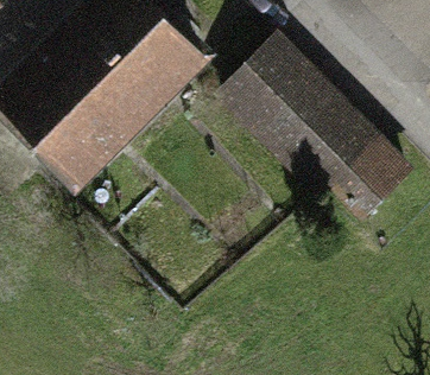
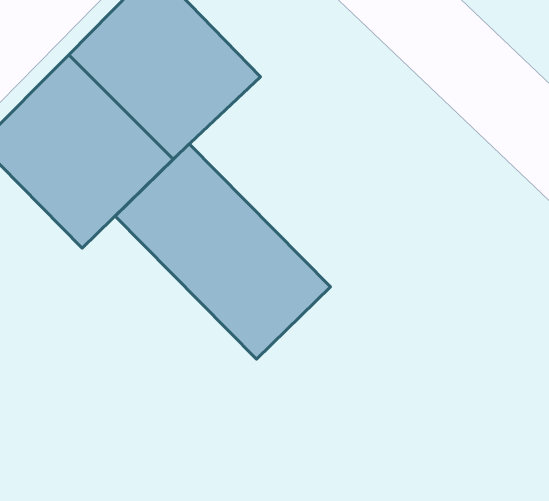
building: [228,44,380,196] -> [115,144,330,359]

